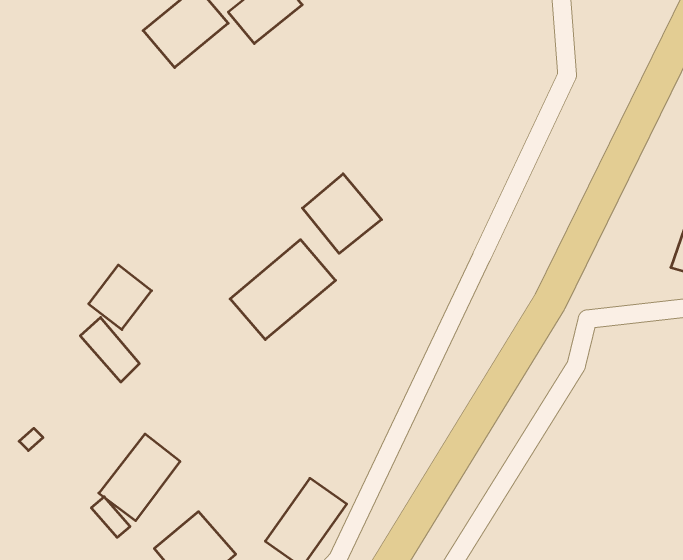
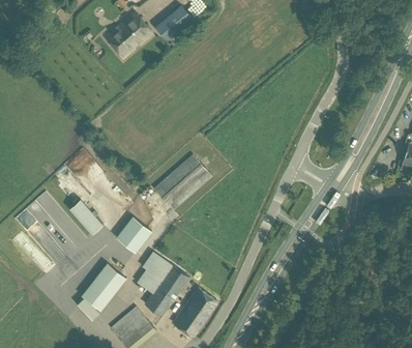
building: [302,174,382,253] -> none
building: [89,265,152,330] -> [113,216,148,253]
building: none -> [136,252,188,315]

